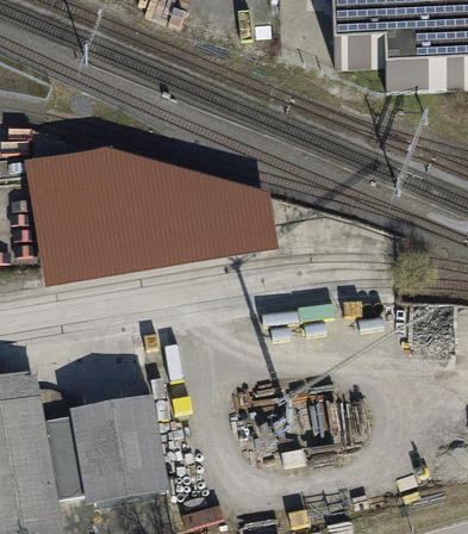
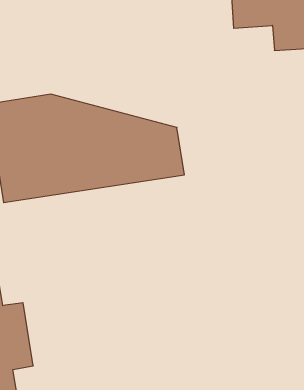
building: [67,396,168,505] -> none

